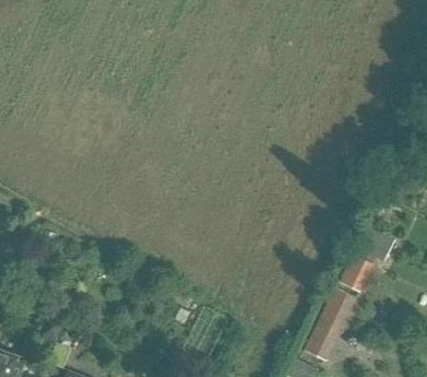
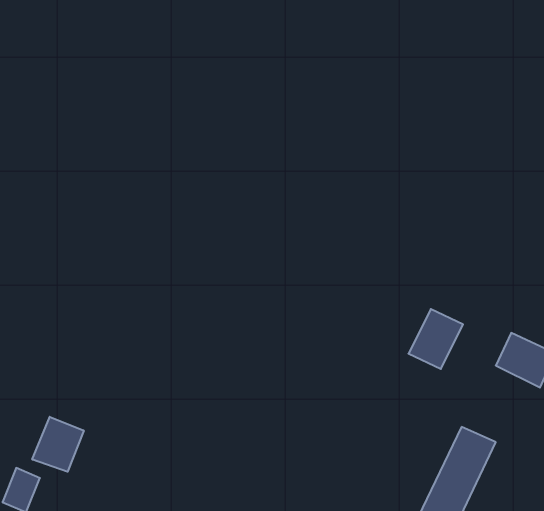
building: [340,256,375,294] -> [408,309,463,369]
building: none -> [32,417,84,472]

